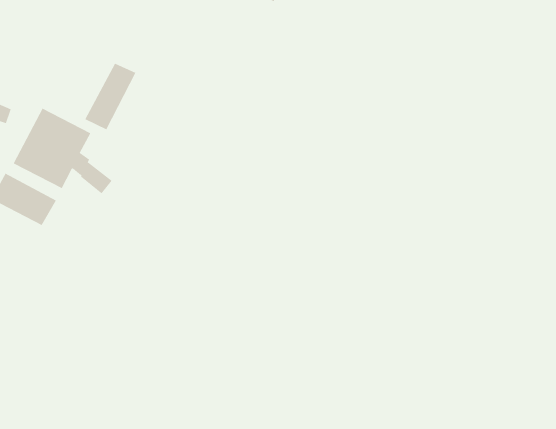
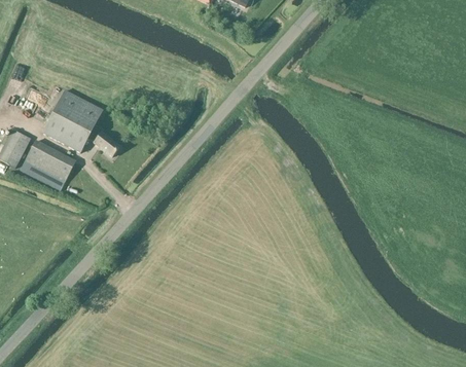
building: [85,63,136,130] -> none

